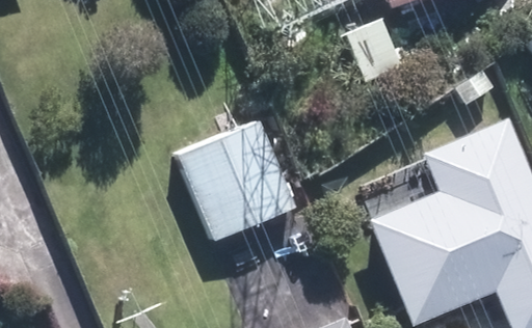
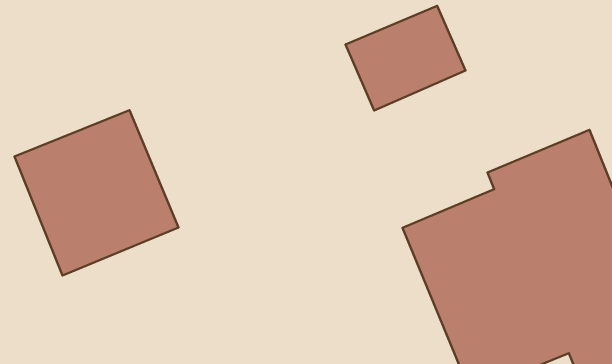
building: [169,118,301,251] -> [15,110,178,275]

